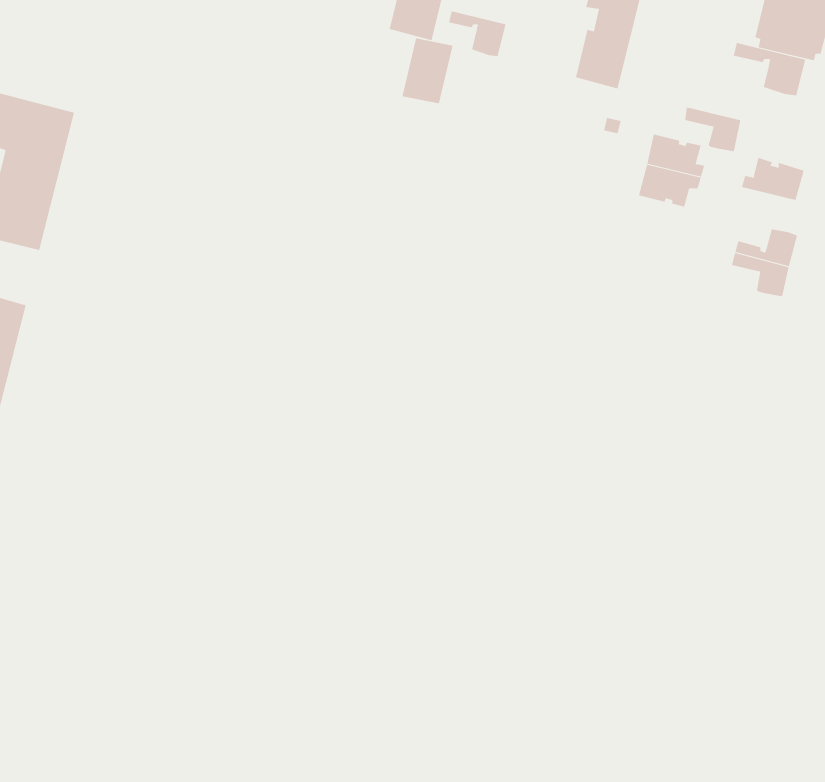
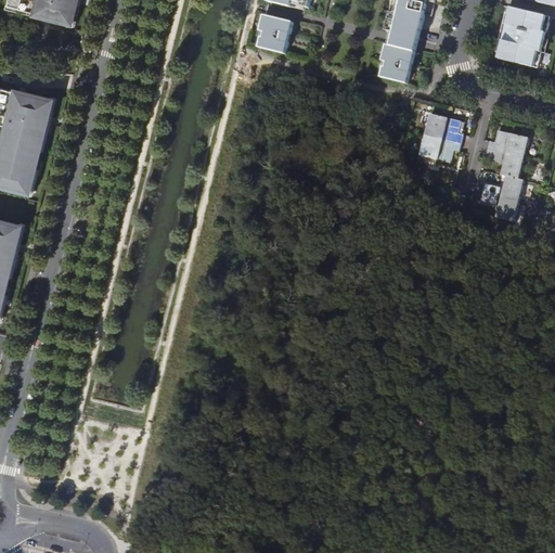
building: [449,11,506,57] -> none
building: [402,38,453,104] -> none
building: [733,42,806,96] -> none
building: [685,107,741,152] -> [486,149,522,178]

